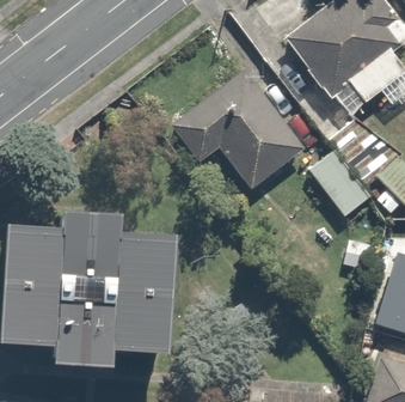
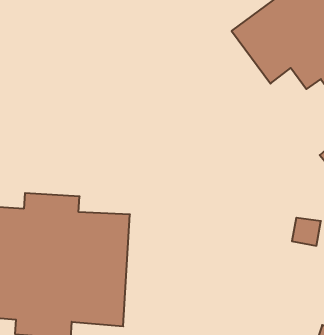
building: [171,71,302,184] -> none
building: [305,148,372,219] -> none

